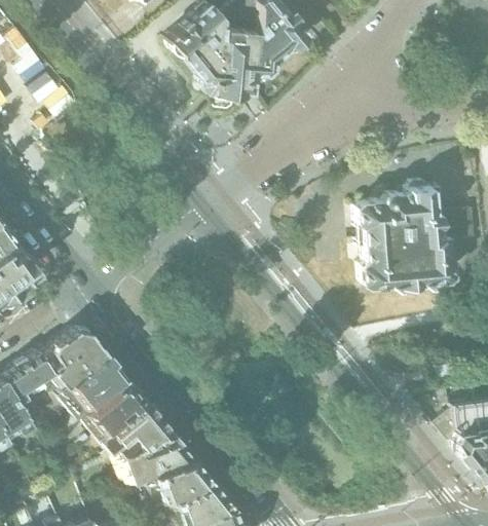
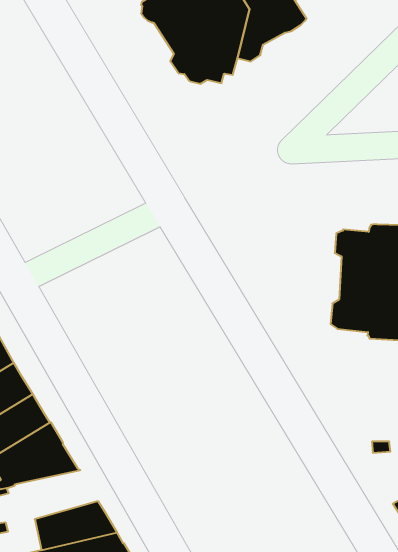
building: [118,430,189,478] -> none

